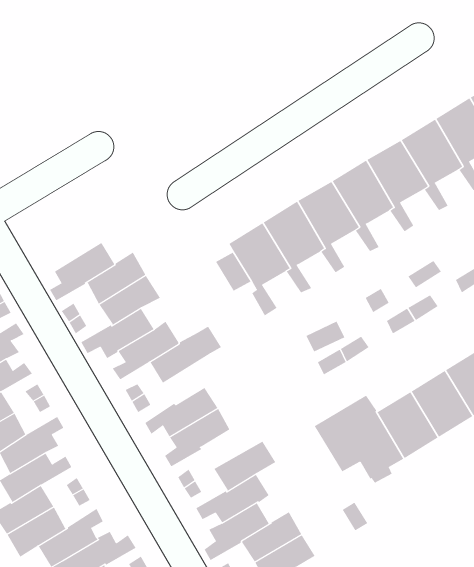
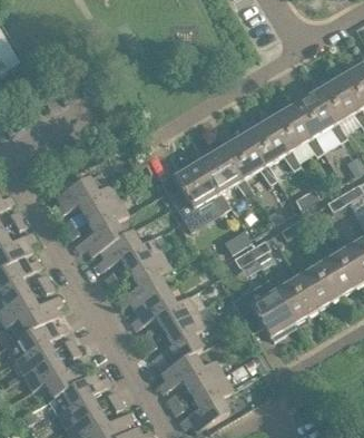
building: none -> [129,252,170,286]
building: none -> [155,292,203,330]

